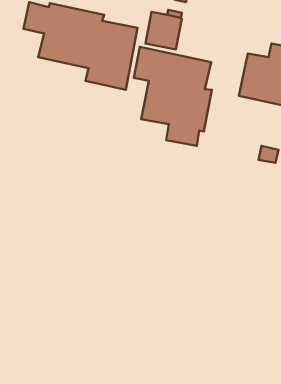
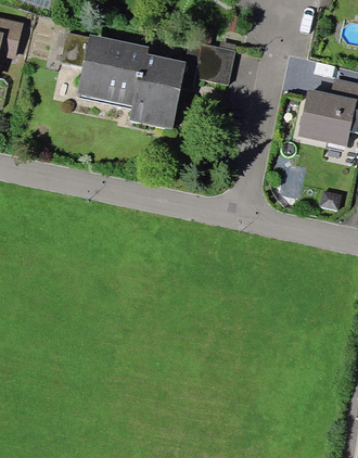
building: [134,47,212,146] -> none

